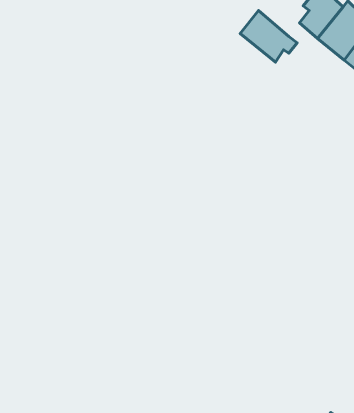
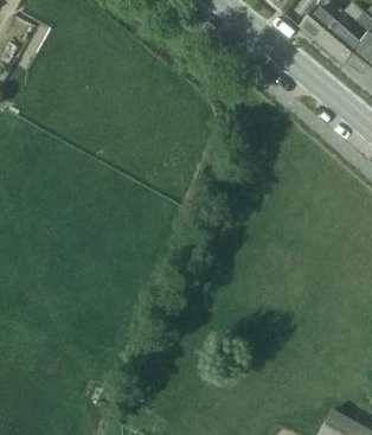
building: [240,10,297,62] -> none

